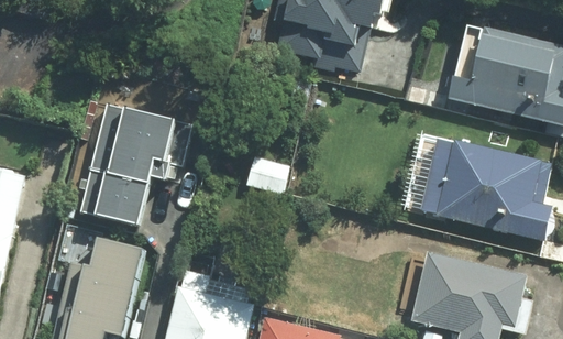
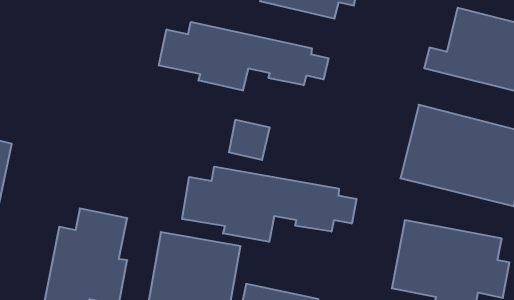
building: none -> [159,22,328,91]
building: [81,105,190,226] -> none
building: none -> [182,167,356,242]

